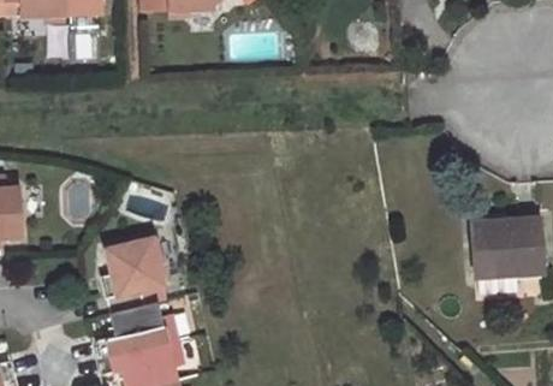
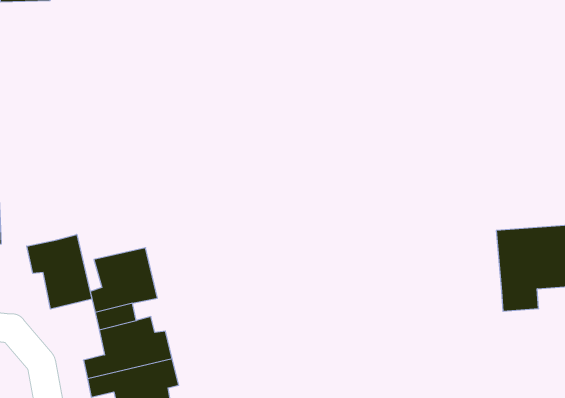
building: none -> [27,234,92,309]

